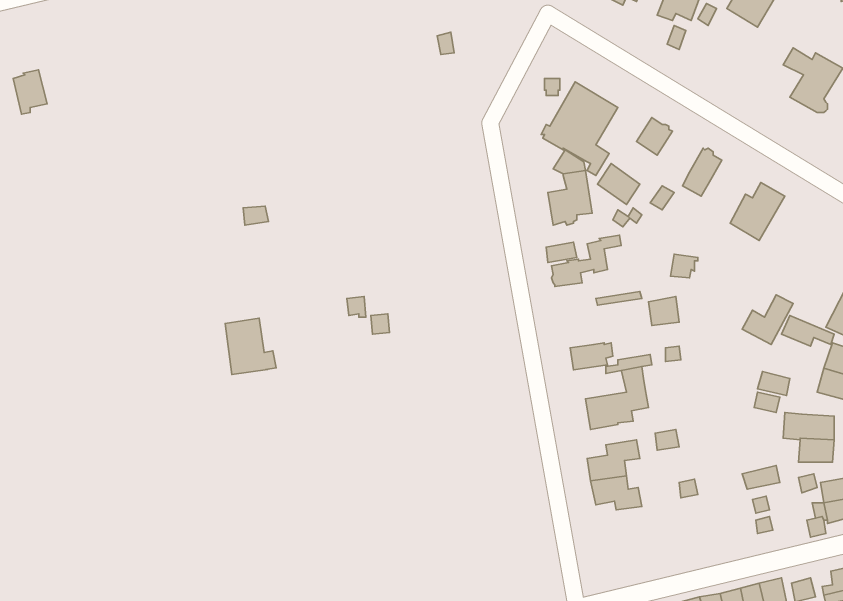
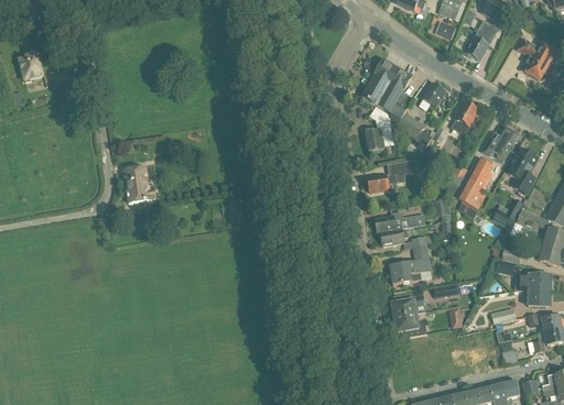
building: none -> [466,19,496,59]
building: none -> [508,149,538,193]
building: none -> [463,156,501,207]
building: none -> [373,209,424,231]
building: [225,318,276,375] -> [123,165,156,201]

